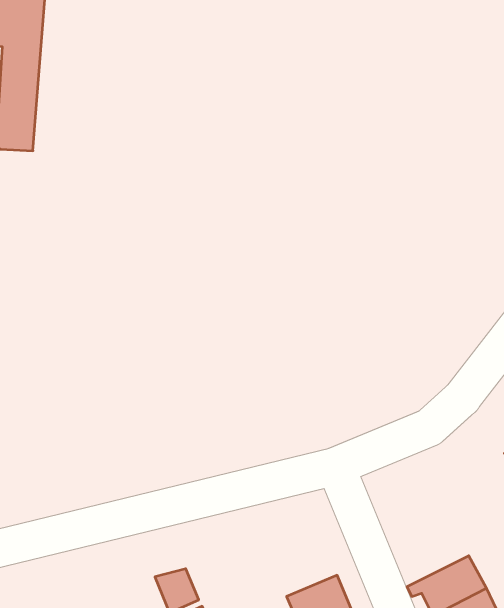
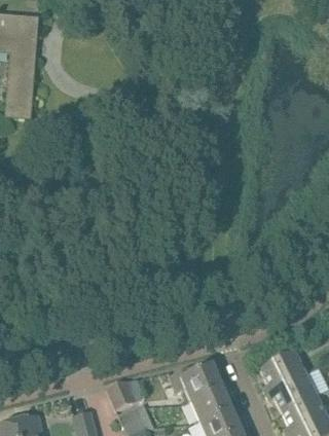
building: none -> [260,350,304,391]
building: none -> [169,361,221,397]

